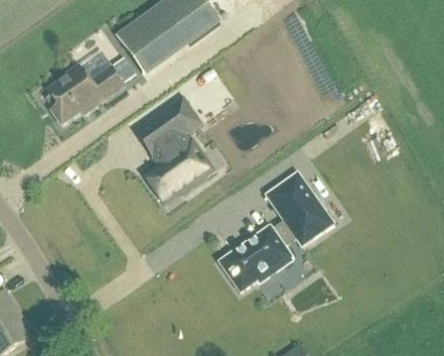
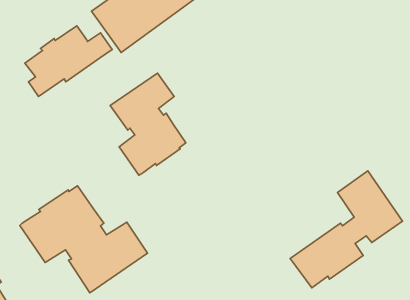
building: [217,172,332,292] -> [290,171,402,288]
building: none -> [20,186,148,293]

